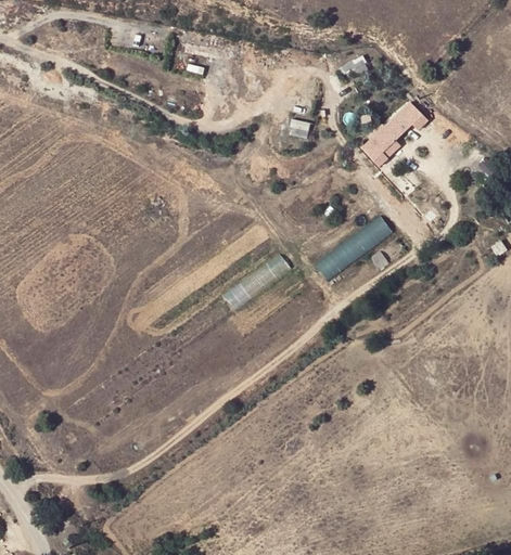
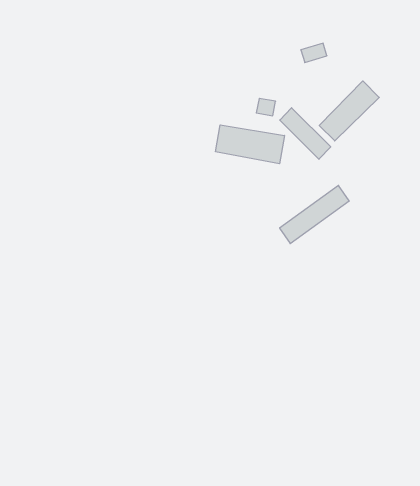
building: none -> [280,108,331,159]
building: none -> [216,125,284,164]

